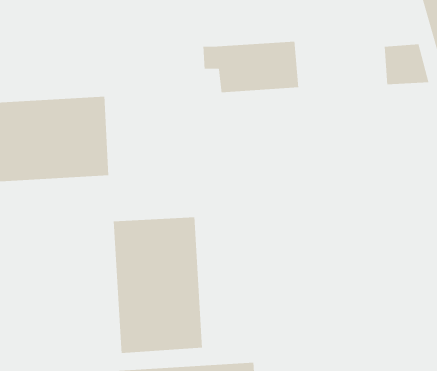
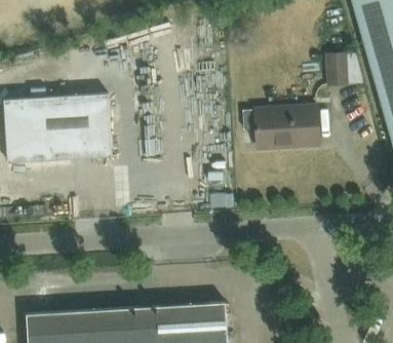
building: [202,41,299,93] -> [243,108,319,149]
building: [113,217,203,354] -> none

